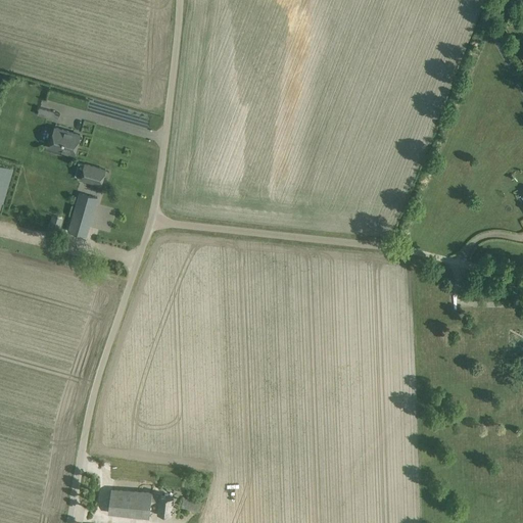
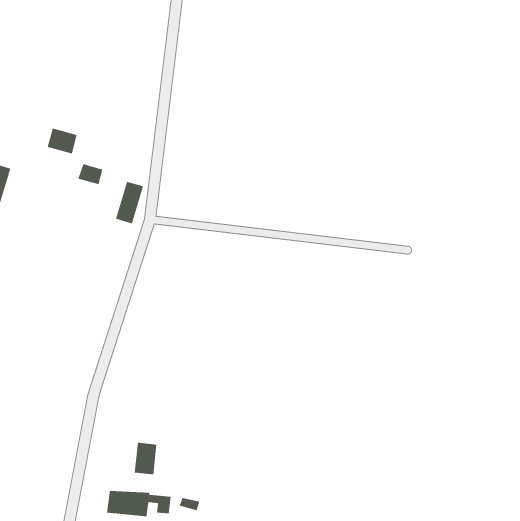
building: [66,194,95,237] -> [115,181,144,224]
building: none -> [134,442,157,475]

